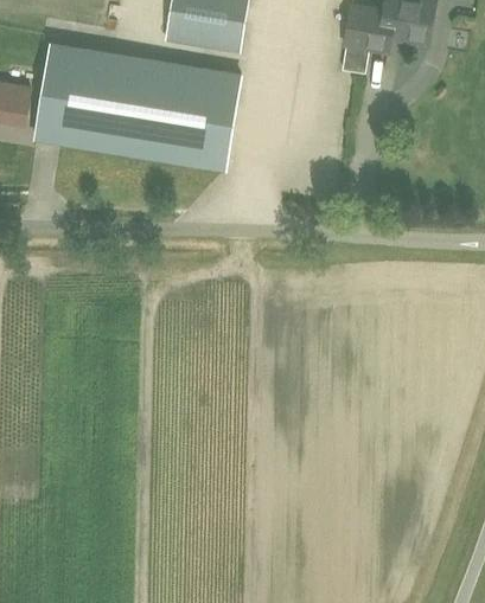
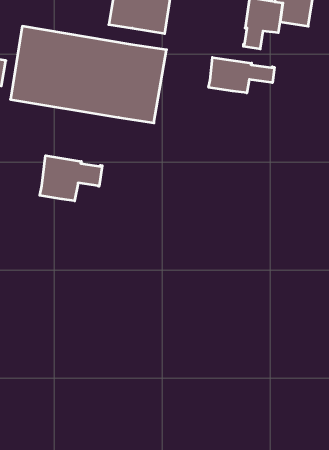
building: none -> [209,57,274,93]
building: none -> [40,156,102,201]

